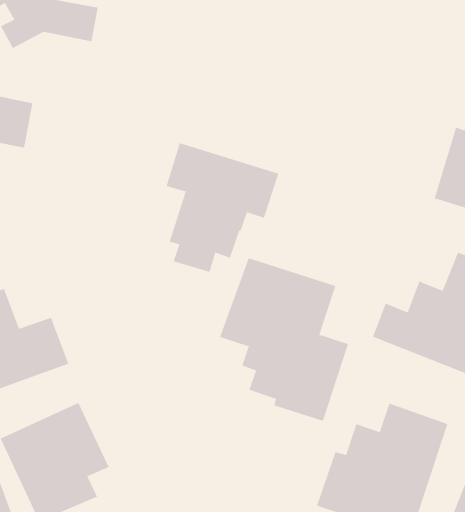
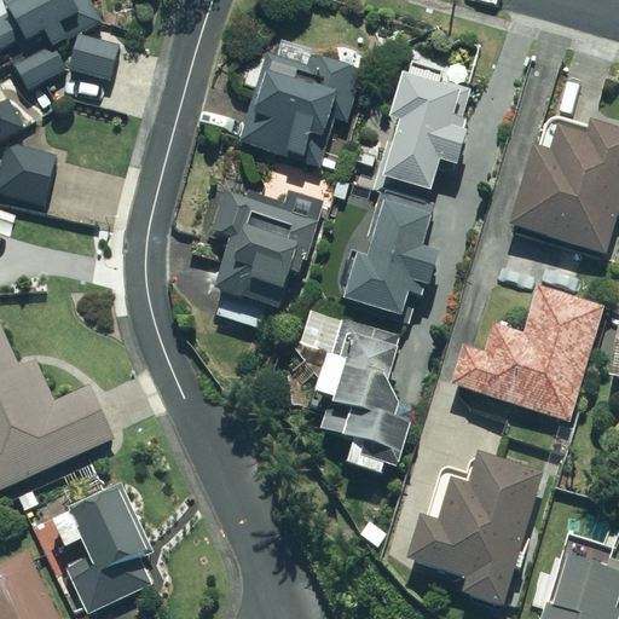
building: none -> [236,50,369,163]
building: none -> [331,58,473,319]

